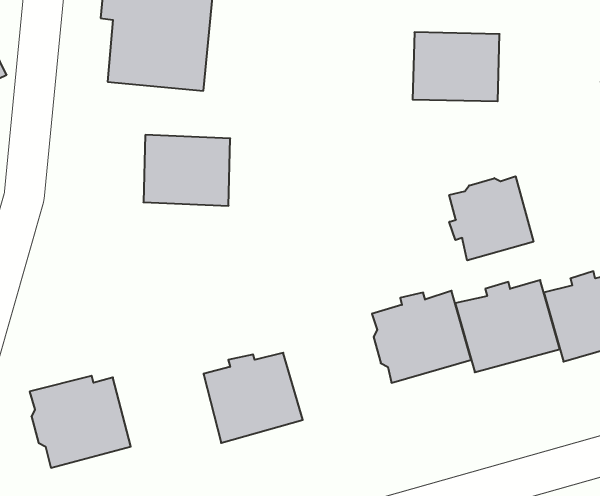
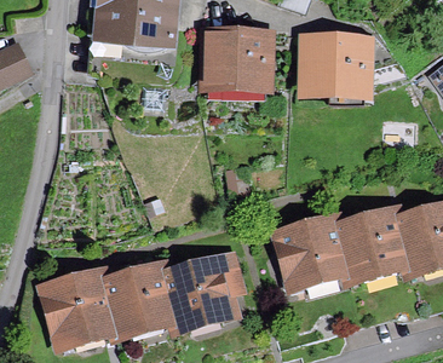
building: [143,135,230,206] -> [209,33,269,81]
building: [449,176,533,260] -> none
building: none -> [105,265,176,328]

